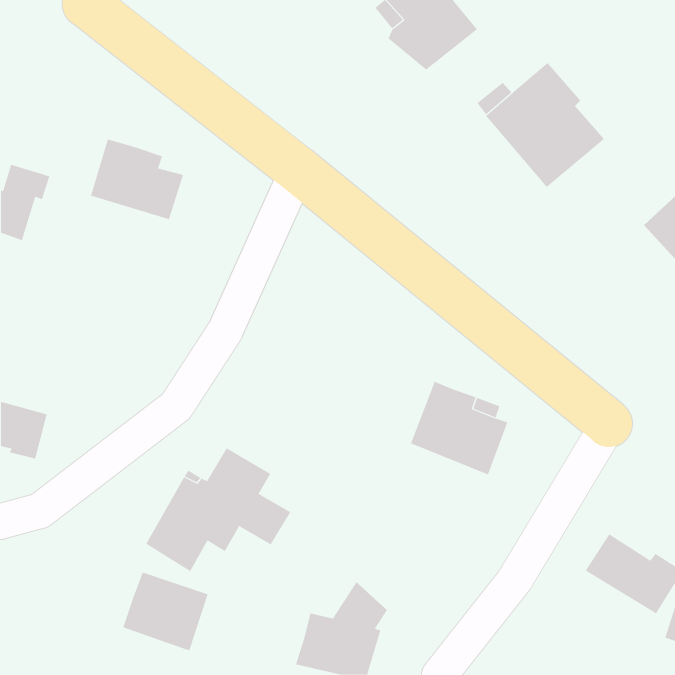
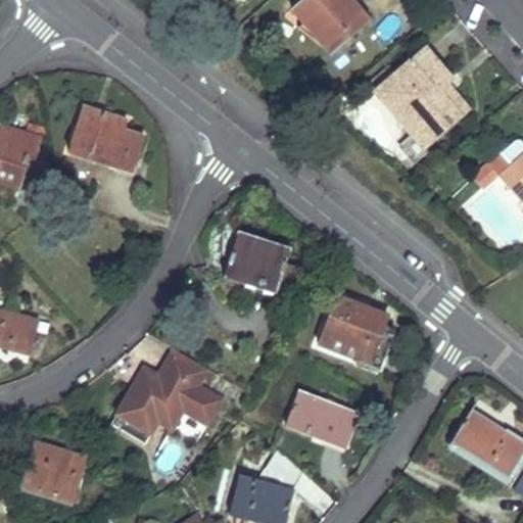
building: none -> [224,233,298,297]
building: none -> [287,390,356,445]
building: [122,572,208,651] -> [20,441,87,503]

